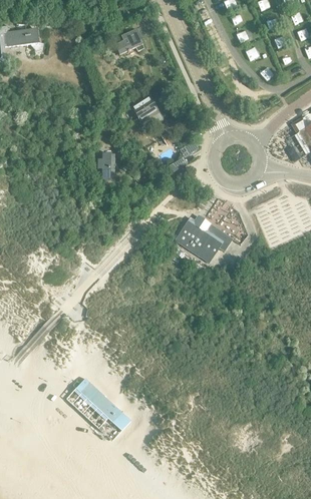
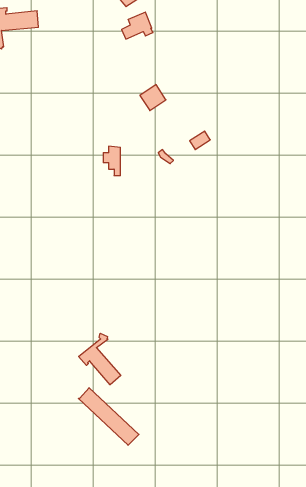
building: [175,215,232,262] -> none
building: none -> [79,333,121,385]

